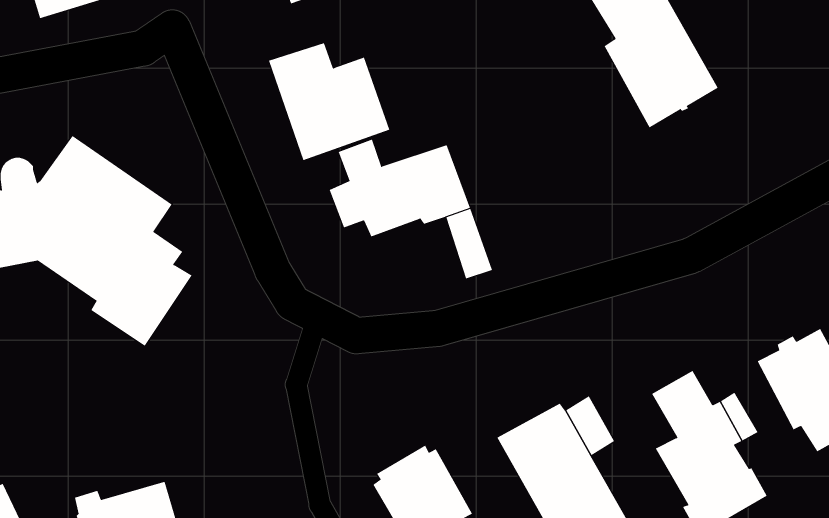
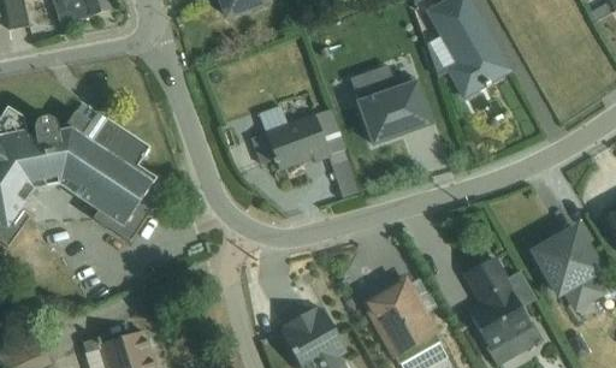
building: [268,42,390,161] -> [349,65,430,143]

